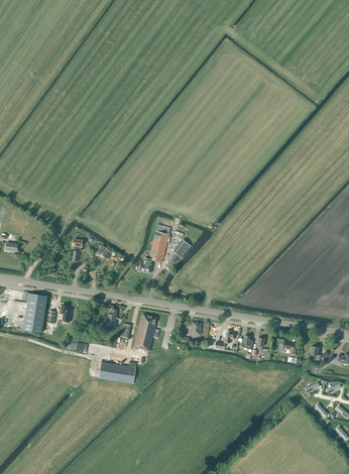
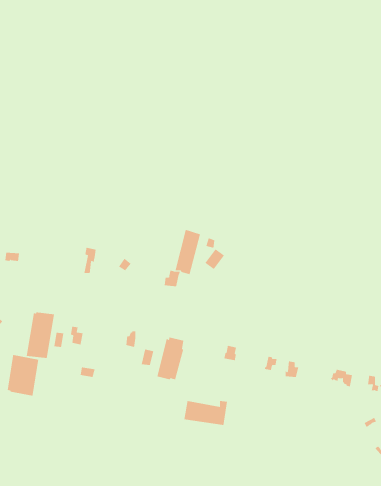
building: none -> [7,354,39,396]
building: [99,362,136,383] -> [183,400,228,425]

